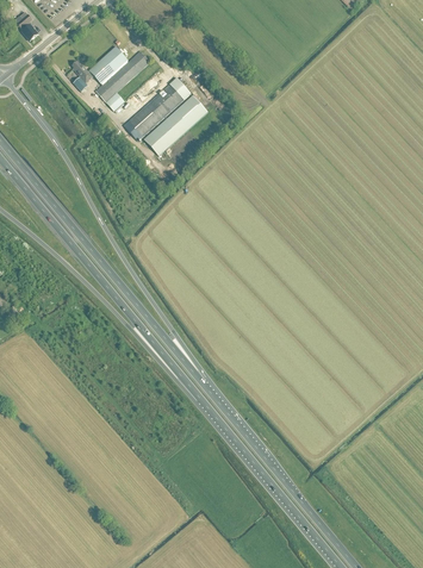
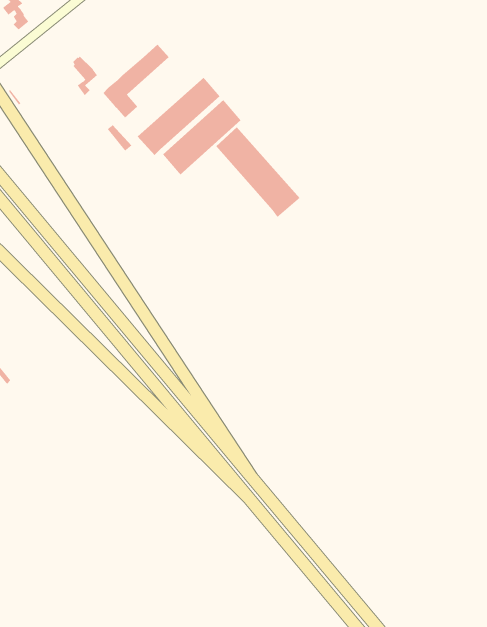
building: [88,46,127,85] -> none
building: none -> [216,126,300,218]

